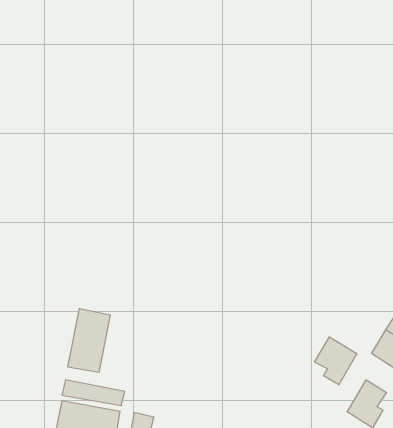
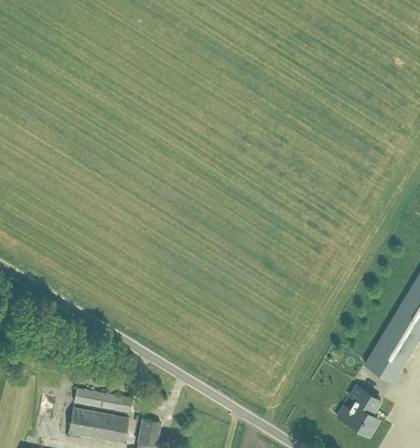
building: [68,308,110,372] -> none
building: [315,337,357,385] -> none

